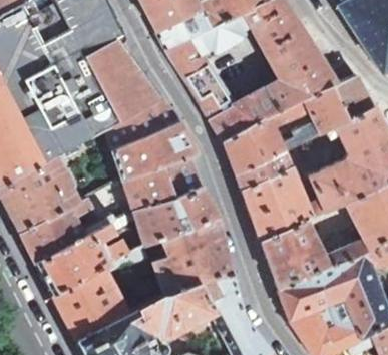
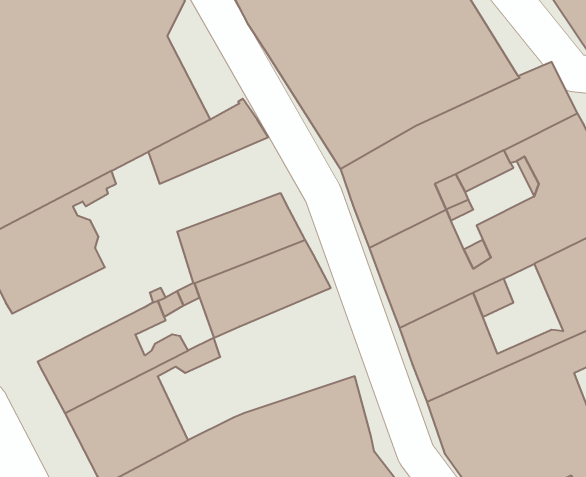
building: [116,43,161,111] -> none
building: [111,122,198,182] -> none
building: [19,199,102,263] -> none
building: [151,217,234,295] -> none

